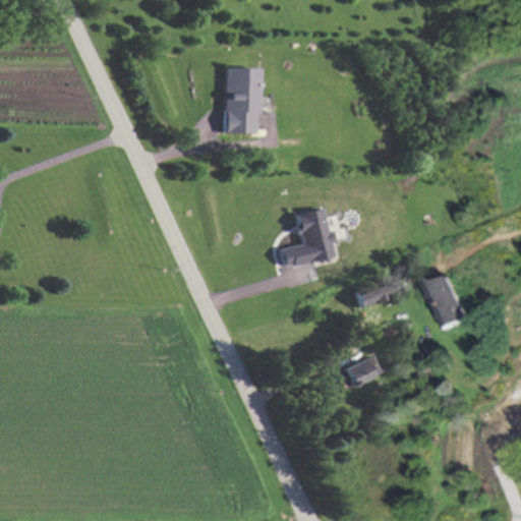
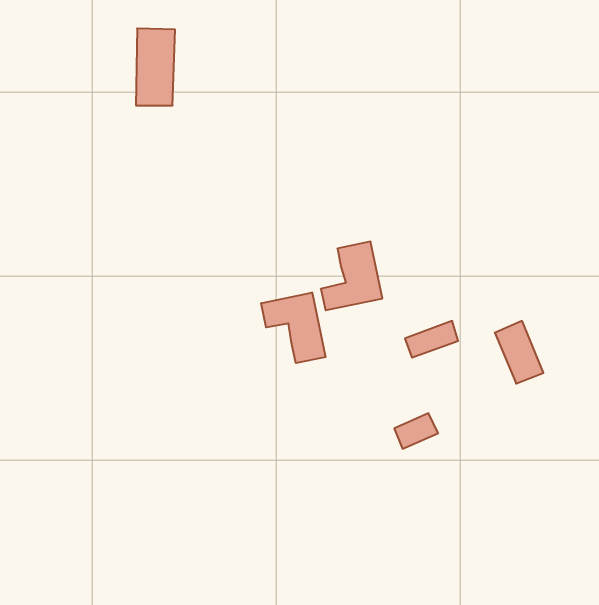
building: [224,67,257,133] -> [136,28,175,105]
building: none -> [261,292,326,363]

